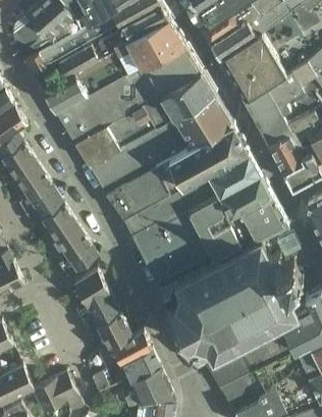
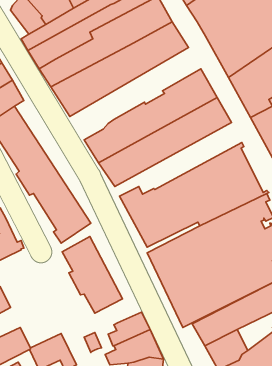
building: [75,69,215,167] -> none
building: [123,149,259,227] -> none
building: [98,331,152,370] -> none

